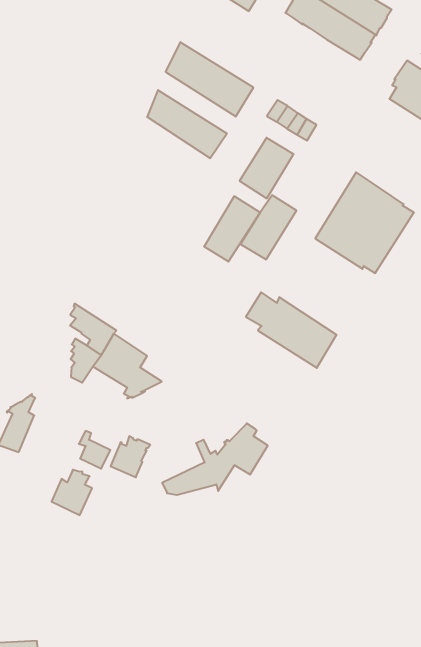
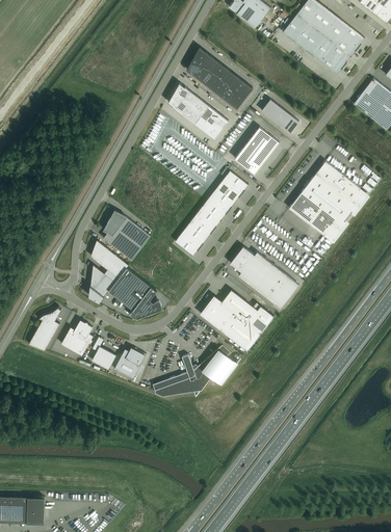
building: [240,195,296,259] -> [175,207,220,256]
building: none -> [103,211,151,261]
building: none -> [204,290,273,351]
building: [52,470,92,515] -> [61,321,94,356]

